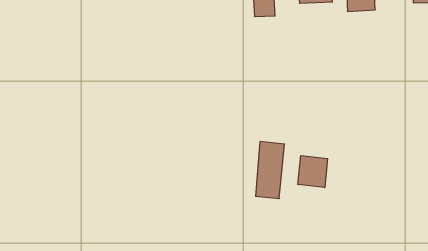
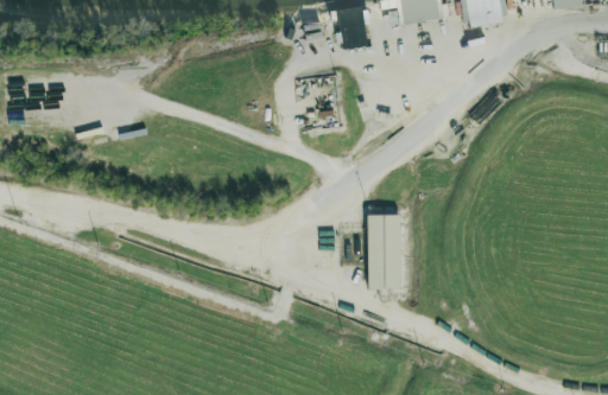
building: [298,156,328,188] -> none

